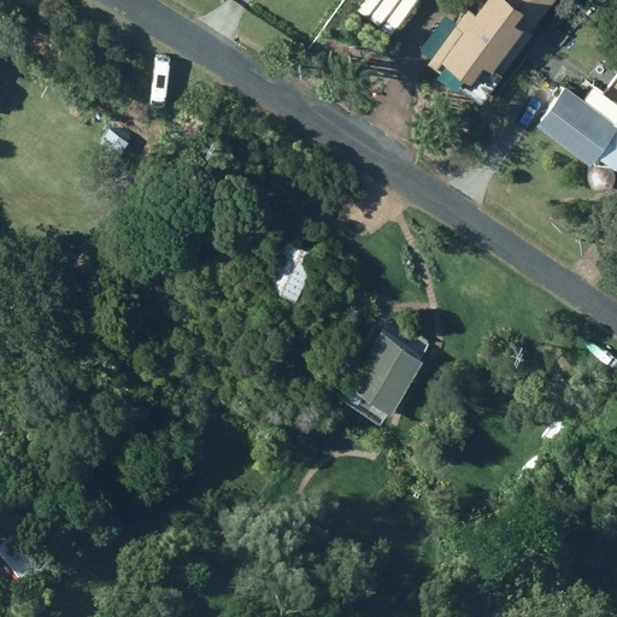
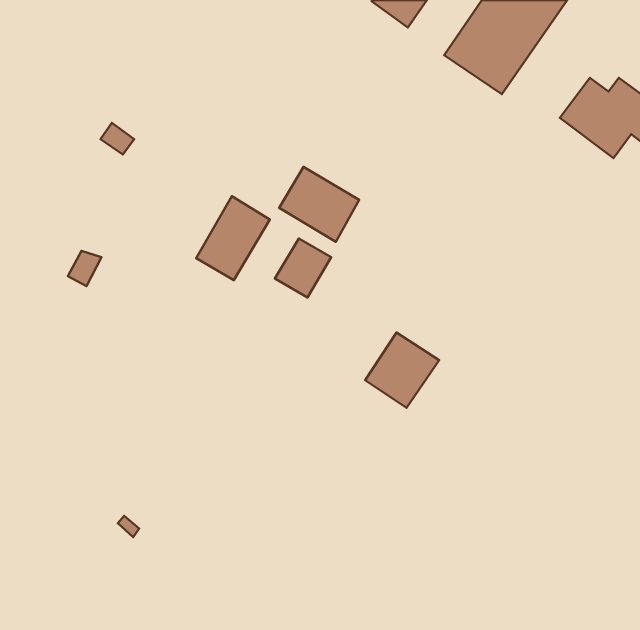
building: none -> [279,167,359,242]
building: none -> [196,196,270,280]

